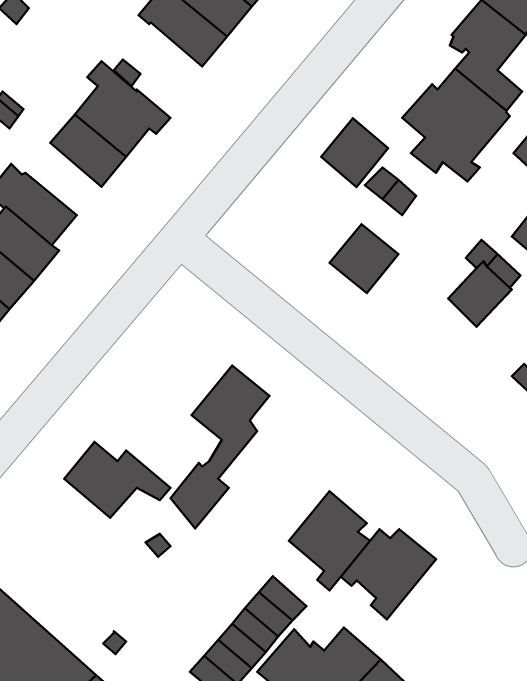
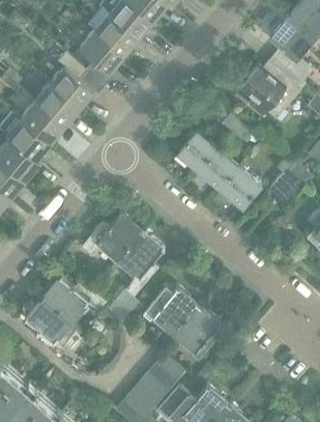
building: none -> [78,30,123,86]
building: [321,118,388,187] -> [177,131,216,171]
building: none -> [20,101,64,143]
building: none -> [220,166,260,207]
building: none -> [80,214,141,260]
building: none -> [24,298,69,358]
building: [341,529,436,619] -> [142,287,198,340]

